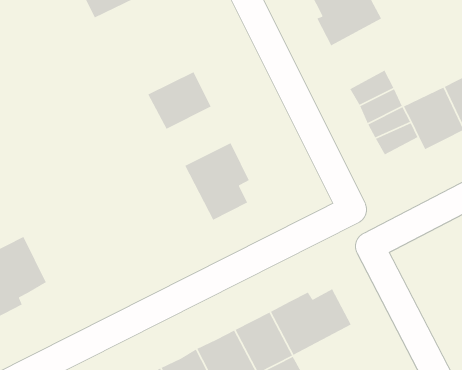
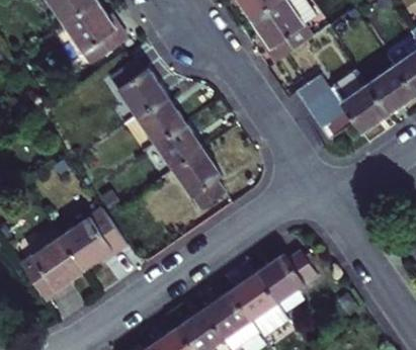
building: none -> [114,63,173,117]
building: none -> [158,120,209,168]
building: none -> [60,207,129,271]

